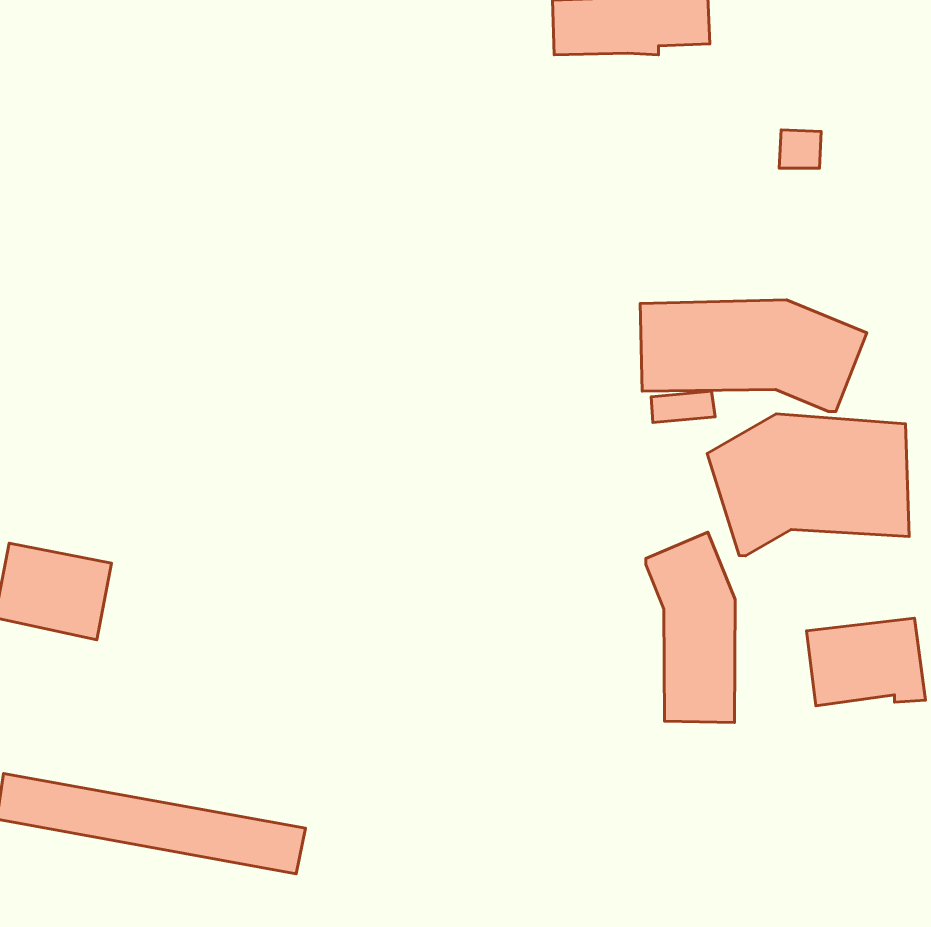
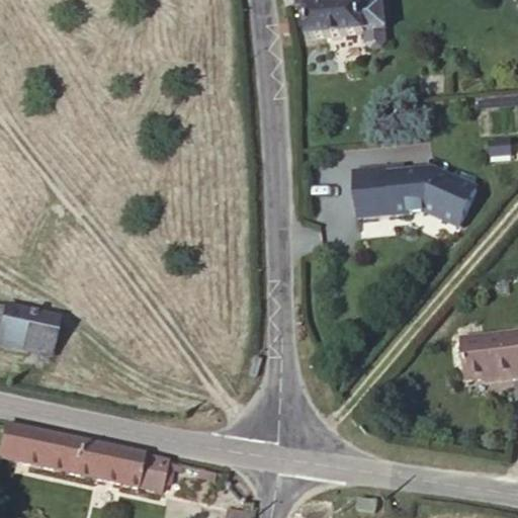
building: [707,414,909,556] -> none
building: [646,532,735,722] -> none

